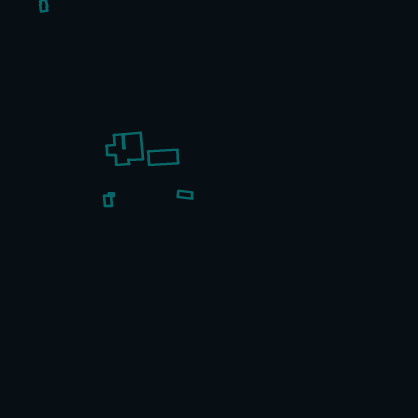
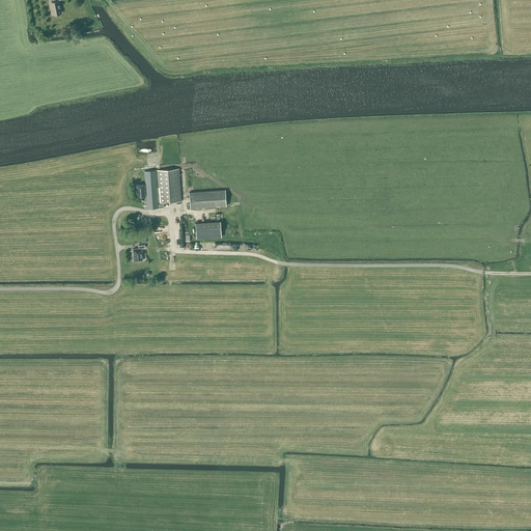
building: none -> [194,222,221,240]

